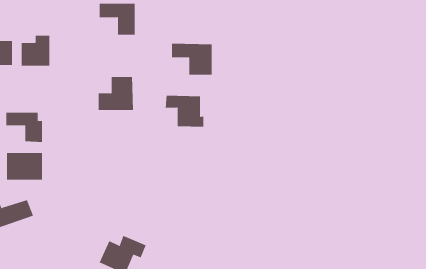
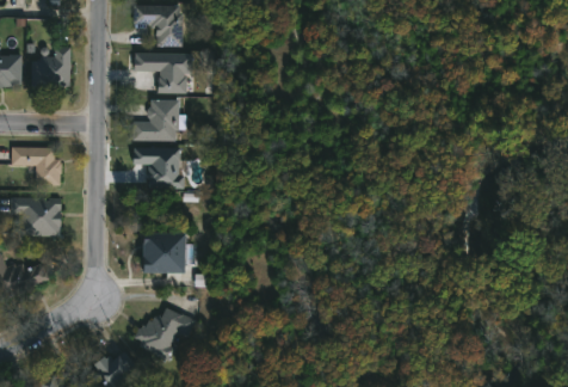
building: [171,43,212,75] -> [135,51,189,93]
building: [165,95,204,127] -> [134,149,185,191]
building: none -> [144,234,186,275]

